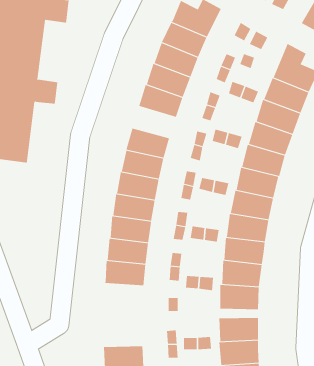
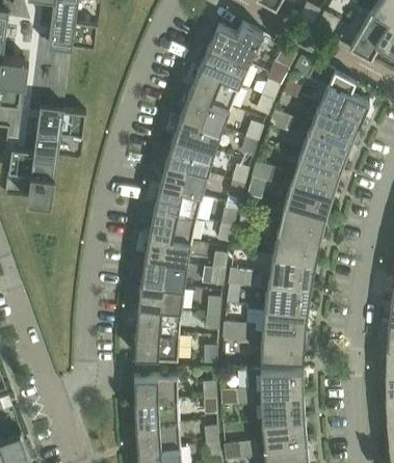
building: none -> [165,138,214,173]
building: none -> [134,331,179,358]
building: none -> [133,375,178,401]

